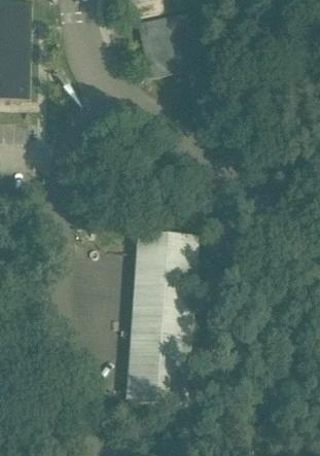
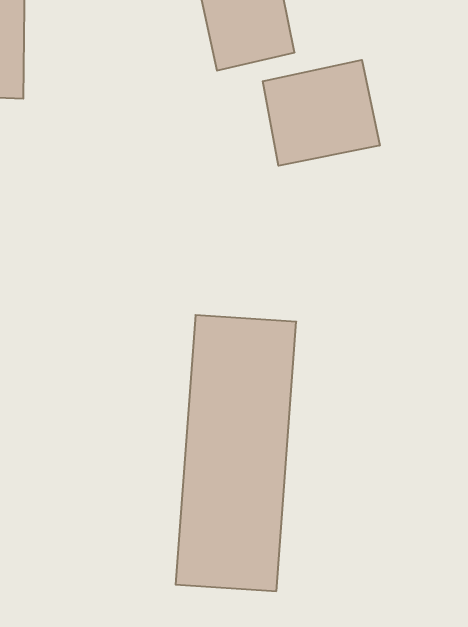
building: none -> [263,60,380,166]

